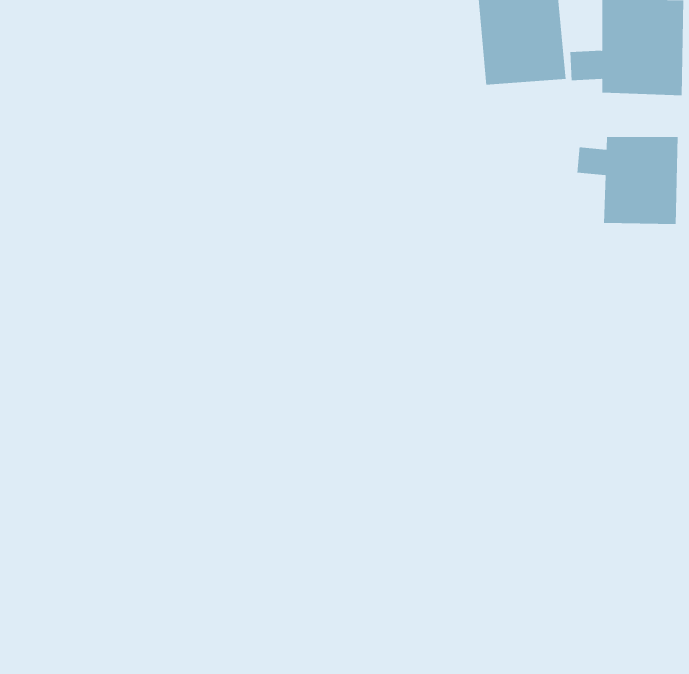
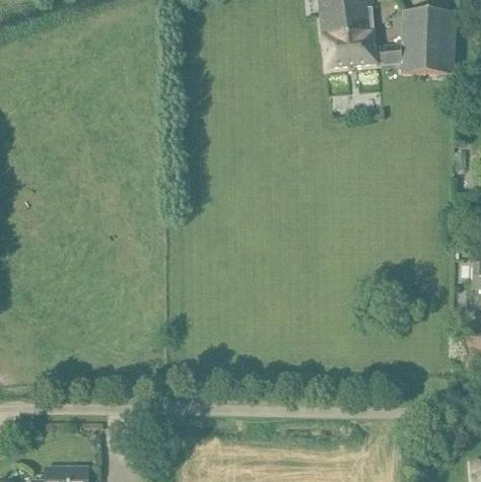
building: [577,136,678,225] -> none

